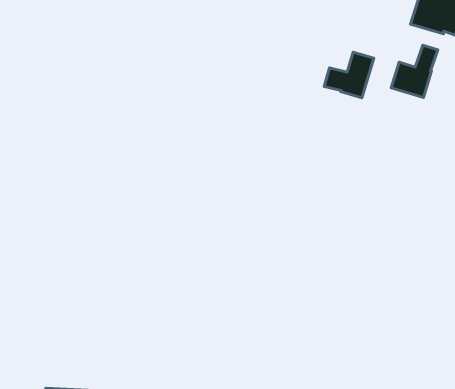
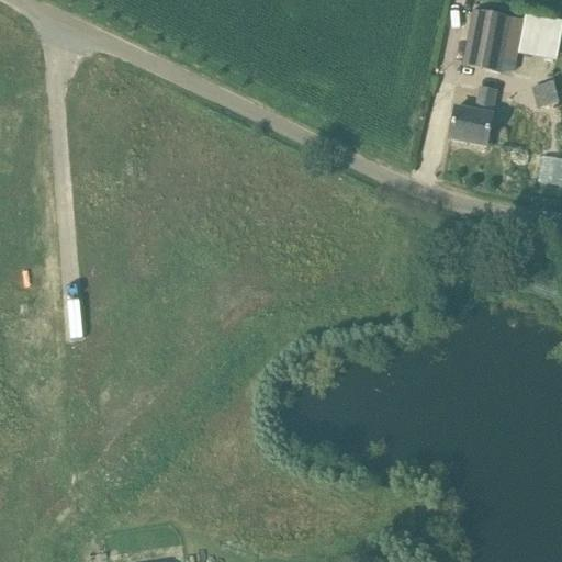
building: [324,52,374,98] -> none

